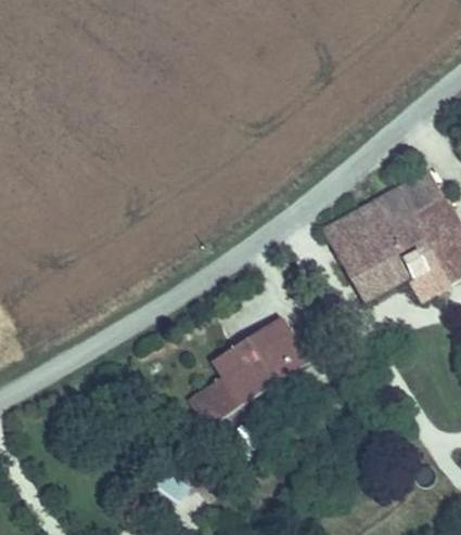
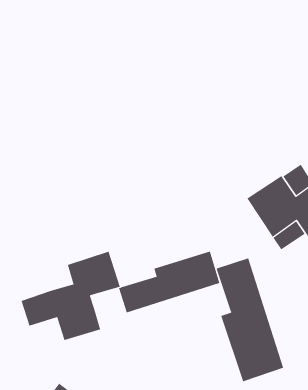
building: none -> [216,257,284,382]
building: none -> [21,251,120,341]

